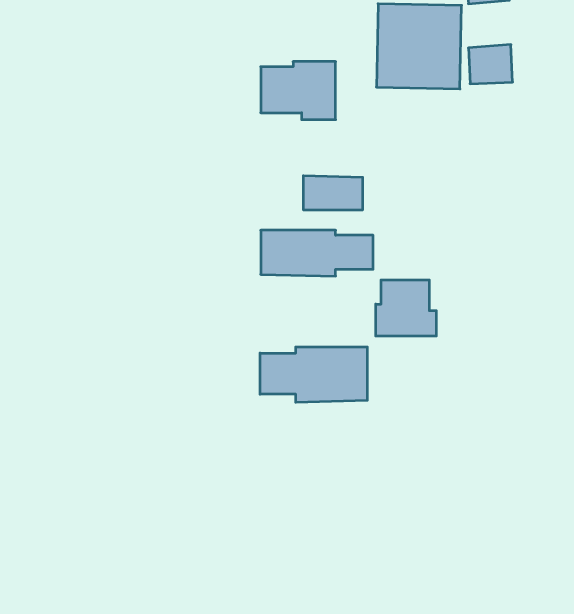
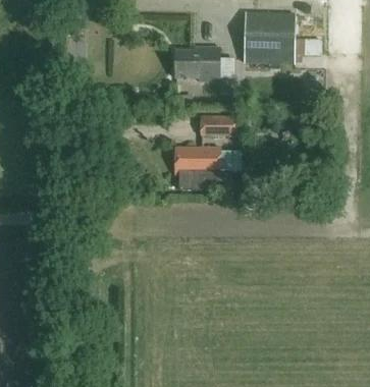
building: [376,280,436,336] -> none
building: [260,347,367,402] -> none

